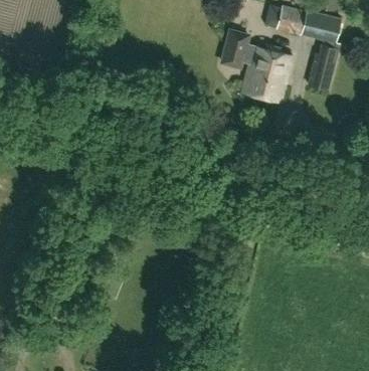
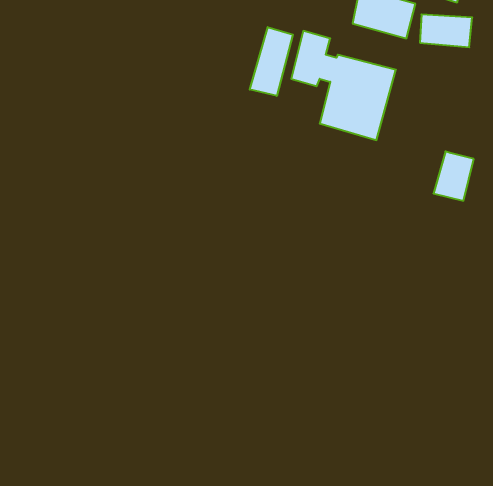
building: none -> [250,27,293,96]
building: [307,54,334,87] -> [433,151,474,201]

